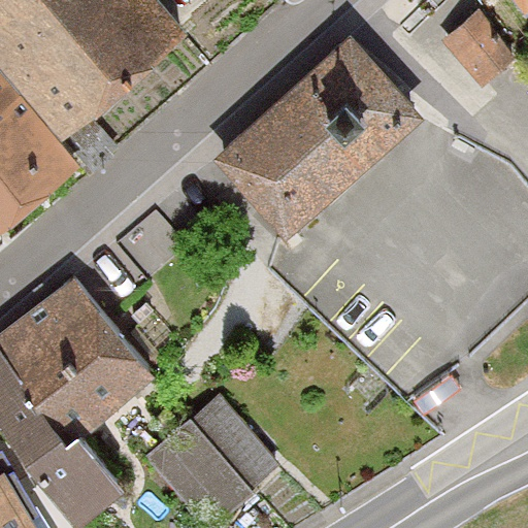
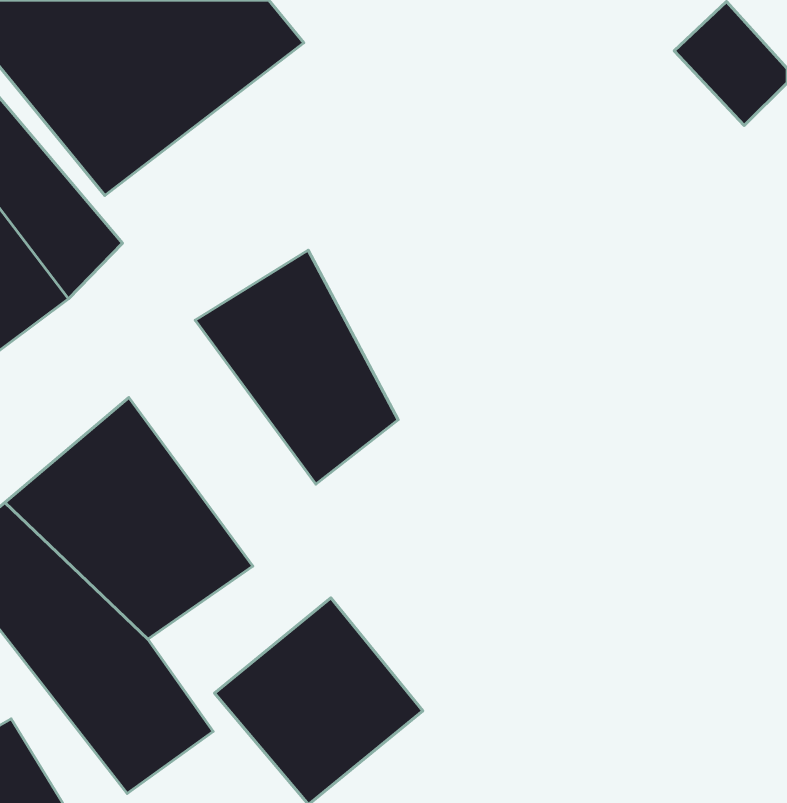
building: [211,35,428,241] -> none
building: none -> [195,250,398,484]

